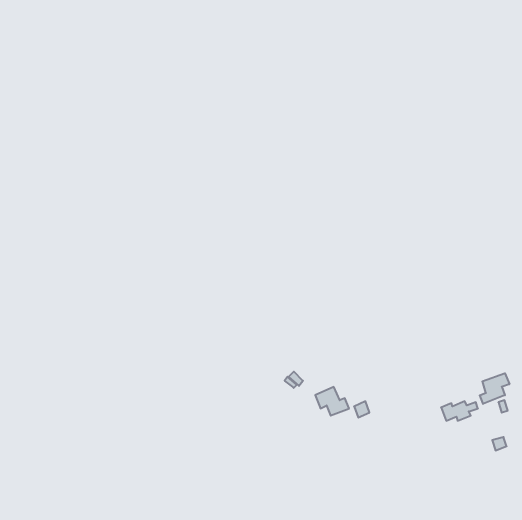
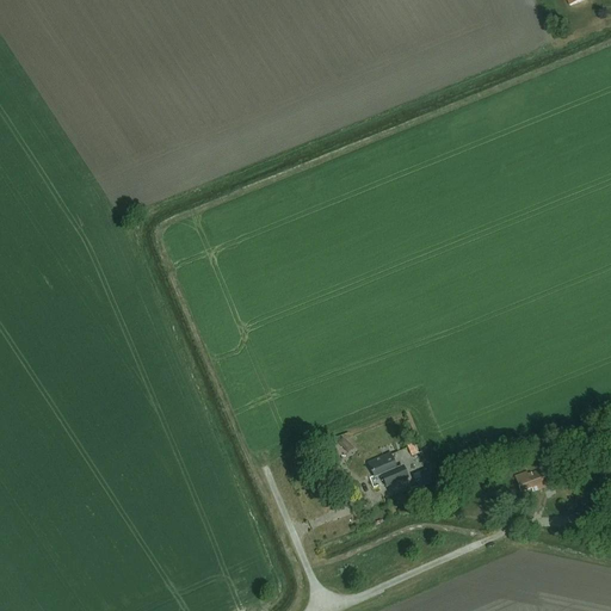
building: [480,373,509,404] -> none

